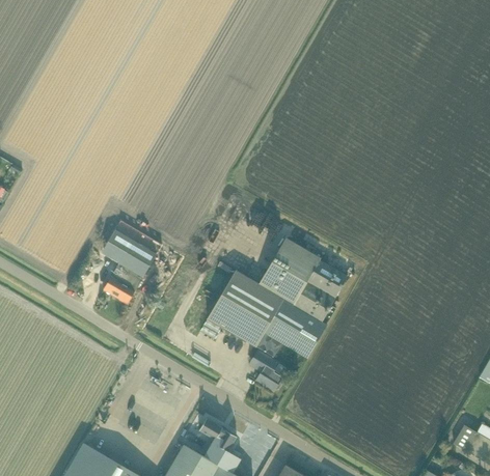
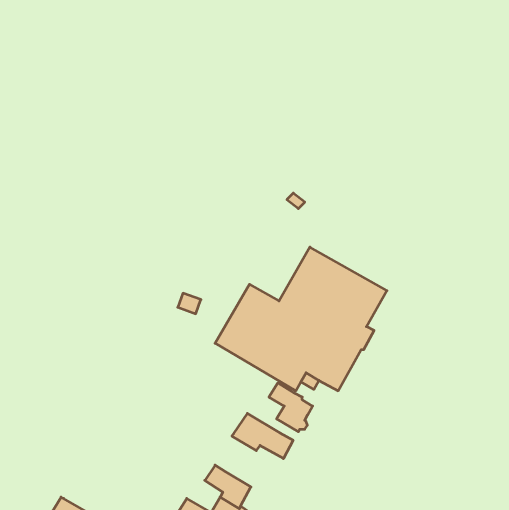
building: [101,229,156,304] -> none
building: none -> [232,413,293,459]

